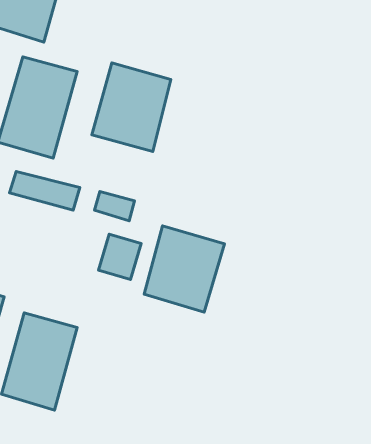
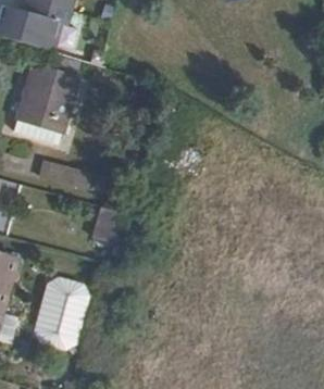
building: [92,63,171,151] -> none
building: [144,226,224,312] -> none

